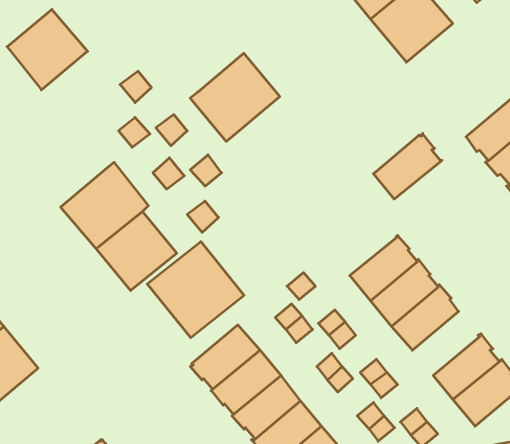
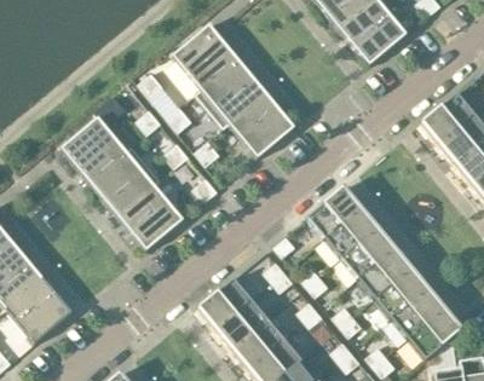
building: [7,9,88,90] -> [62,116,127,181]
building: none -> [173,23,238,88]
building: none -> [230,92,295,157]
building: [373,133,442,199] -> [307,184,363,237]
building: [147,242,244,338] -> none
building: none -> [375,265,430,318]

